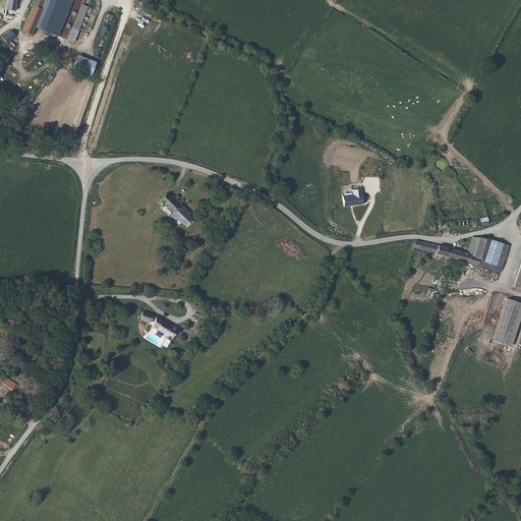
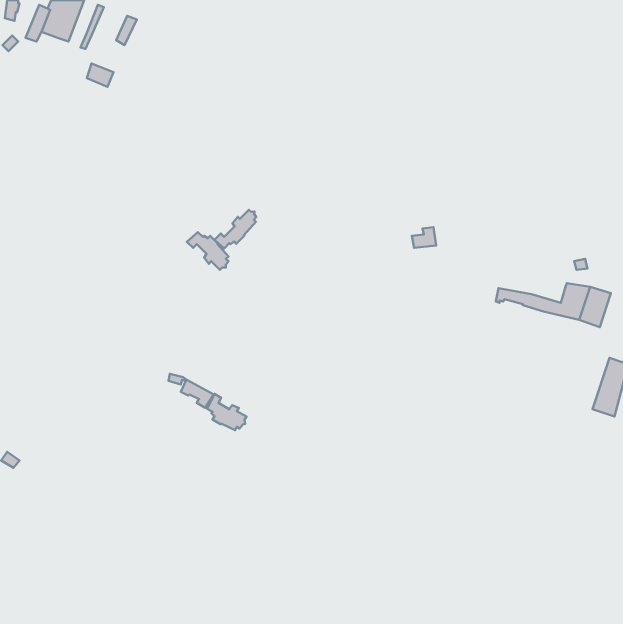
building: none -> [214,210,256,248]
building: none -> [207,394,246,430]

